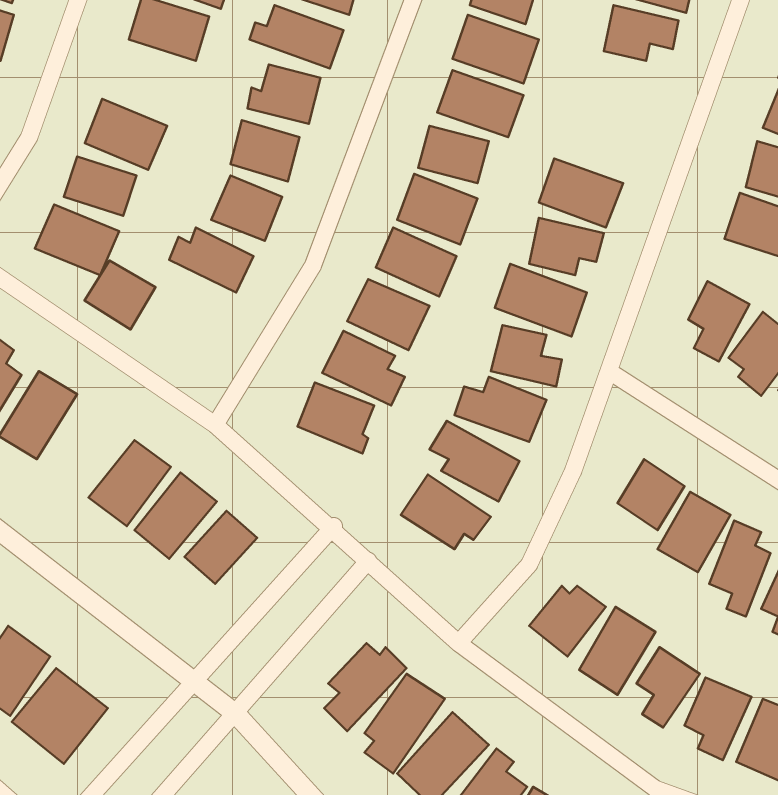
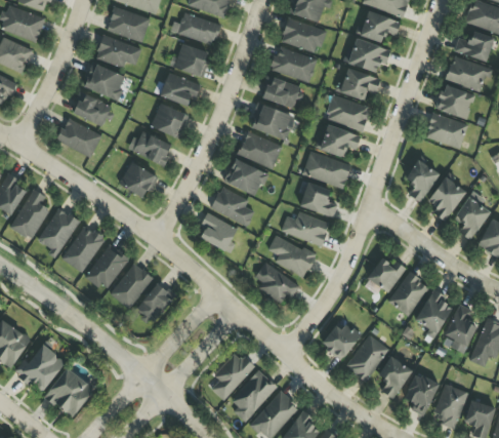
building: none -> [95,36,141,68]
building: none -> [343,40,390,72]
building: none -> [339,69,380,99]
building: [84,260,155,329] -> [119,162,157,199]
building: none -> [61,226,105,273]

